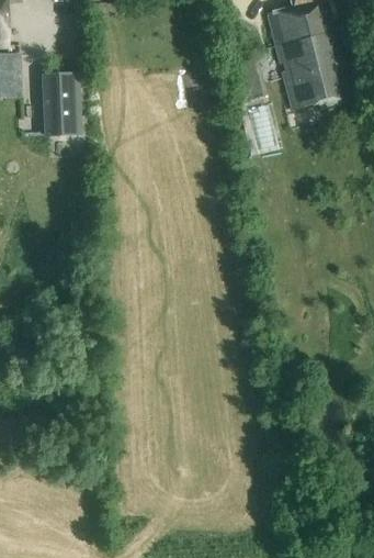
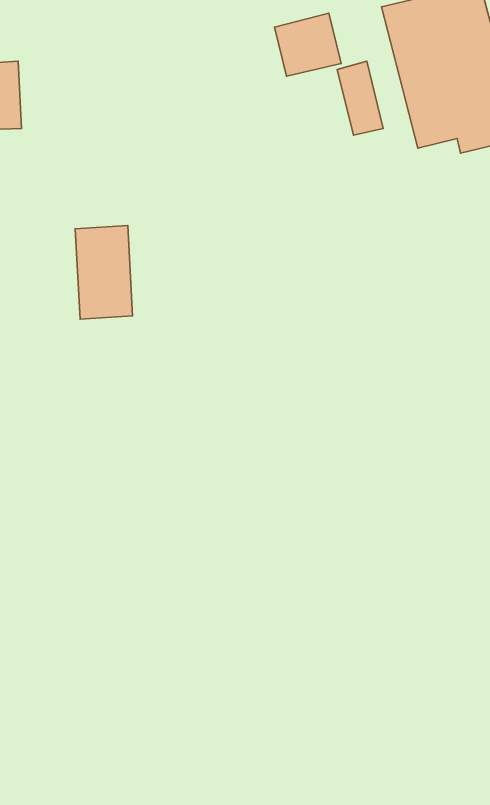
building: none -> [275,13,341,76]
building: [41,72,79,135] -> [75,225,133,319]

